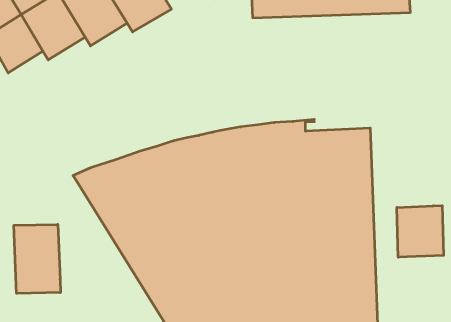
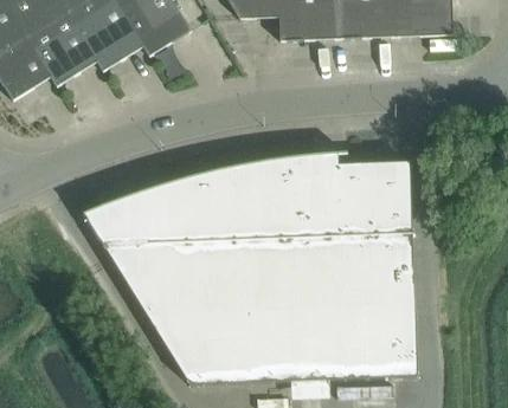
building: [397,206,444,257] -> none
building: [14,224,60,293] -> none

